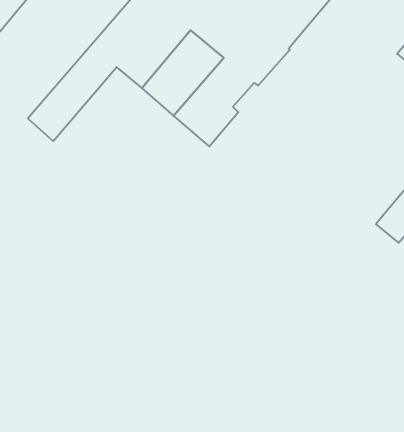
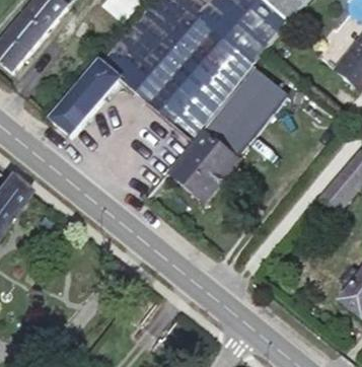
building: none -> [171,71,276,201]

